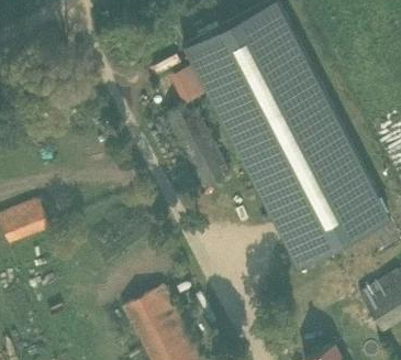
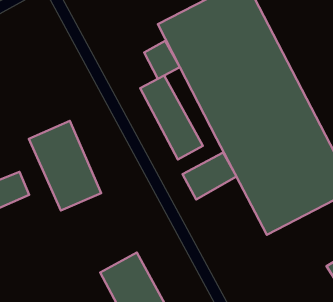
building: none -> [29,121,101,211]
building: none -> [183,153,236,200]

